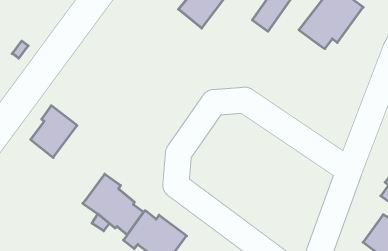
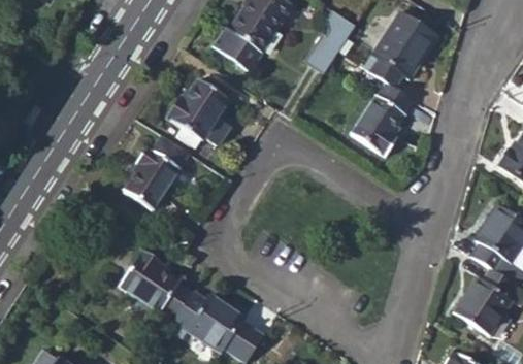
building: none -> [167,78,229,139]
building: none -> [352,81,413,154]
building: [31,106,77,158] -> [125,147,178,208]

